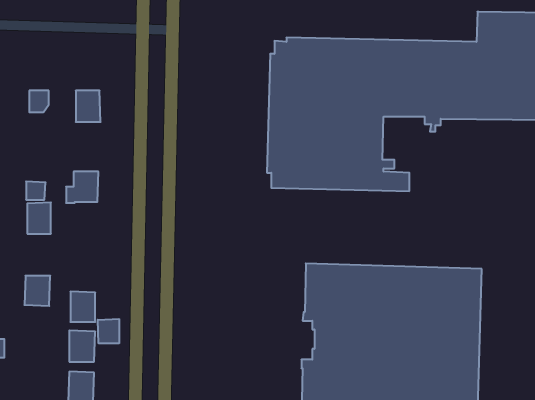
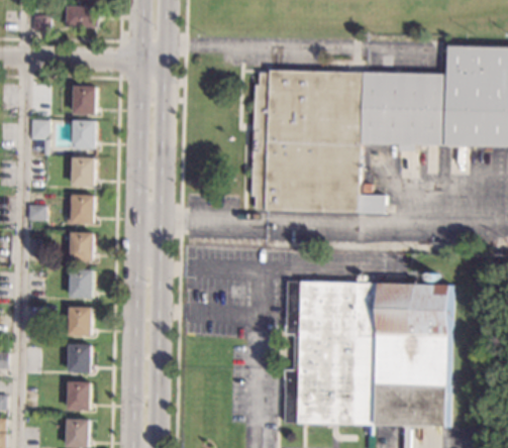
building: none -> [73,86,96,115]
building: none -> [71,156,95,186]
building: [27,202,51,234] -> [70,231,92,260]
building: [24,276,50,306] -> [69,269,93,298]
building: [98,319,119,343] -> none

